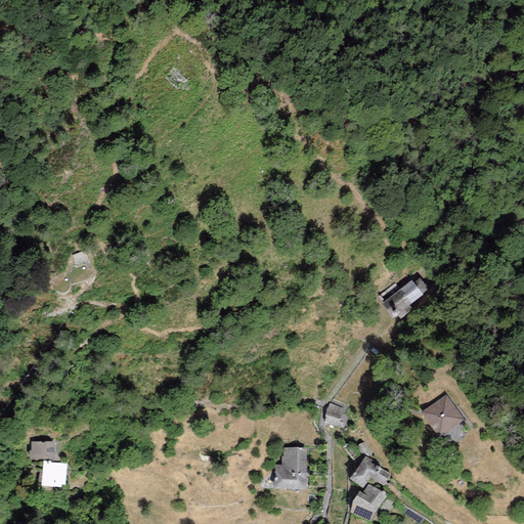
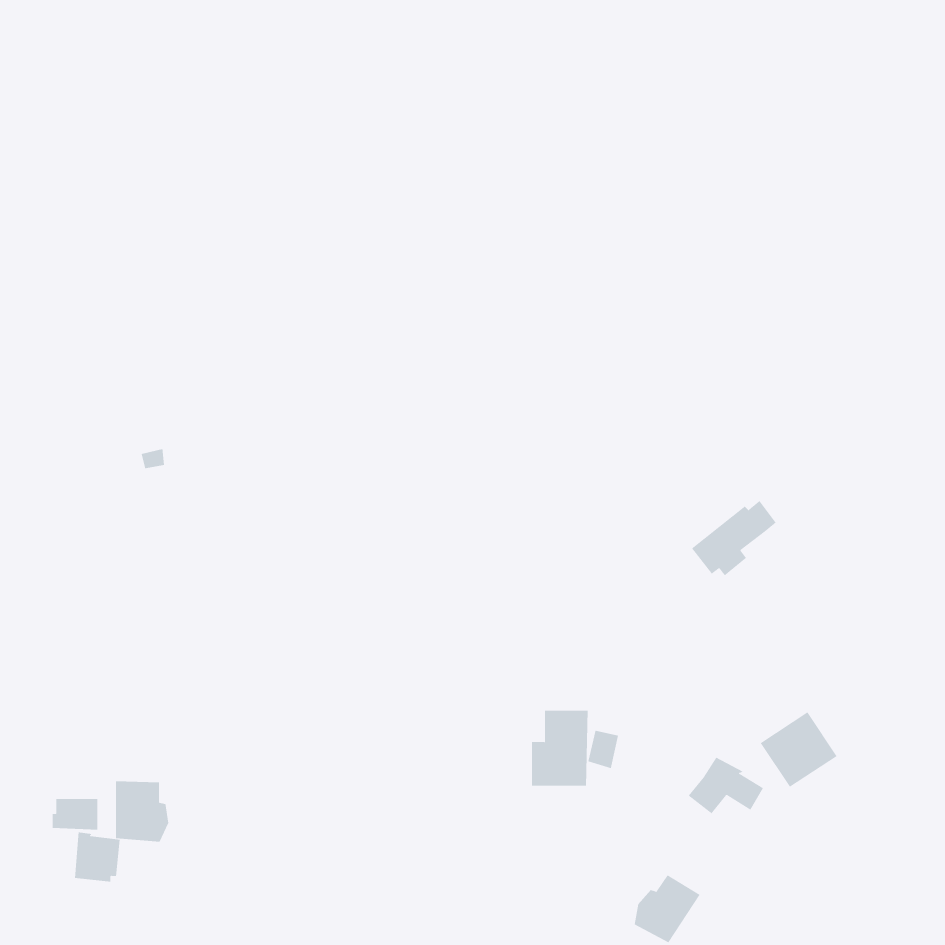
building: none -> [115,781,169,843]
building: [275,446,307,488] -> [531,710,589,786]
building: [350,455,392,487] -> [688,757,764,814]

